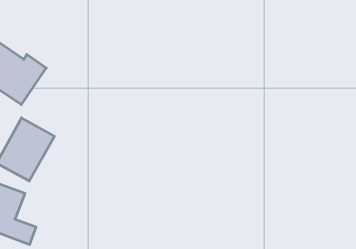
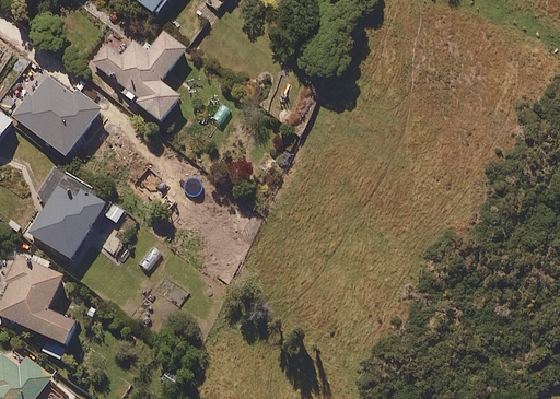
building: none -> [90,30,185,121]

